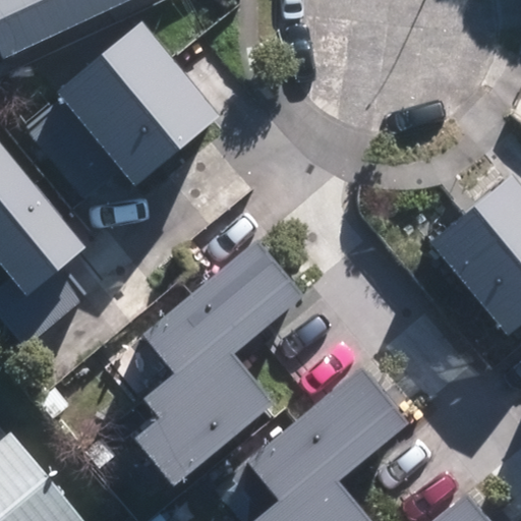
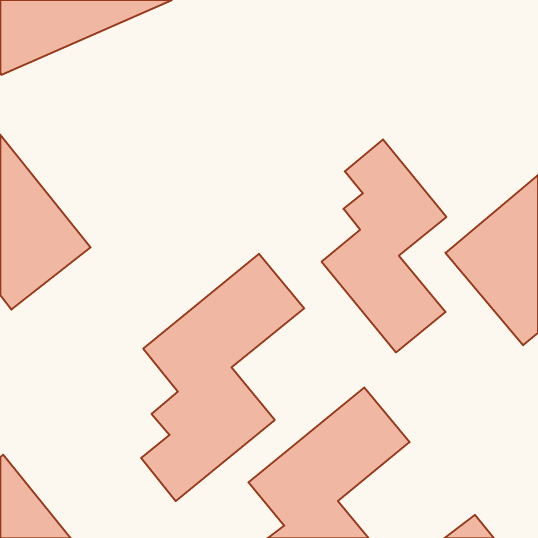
building: [63,25,232,194] -> none
building: none -> [322,139,446,352]

